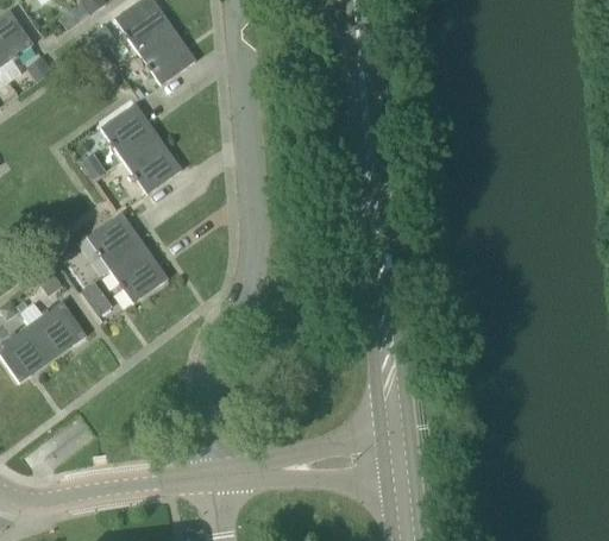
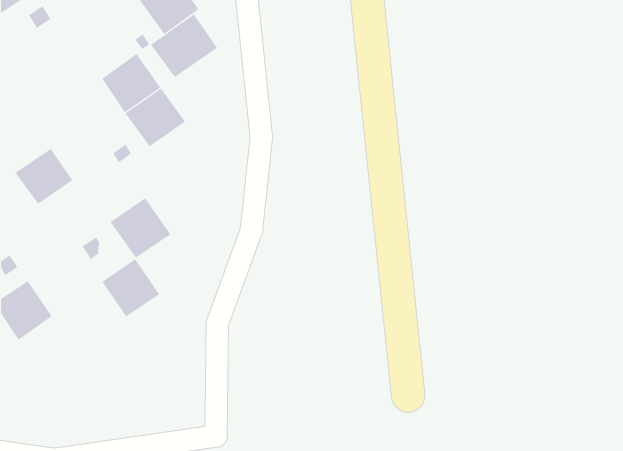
building: none -> [150,14,218,78]
building: [86,212,143,266] -> [15,148,73,204]
building: [29,301,86,358] -> [101,259,160,317]

